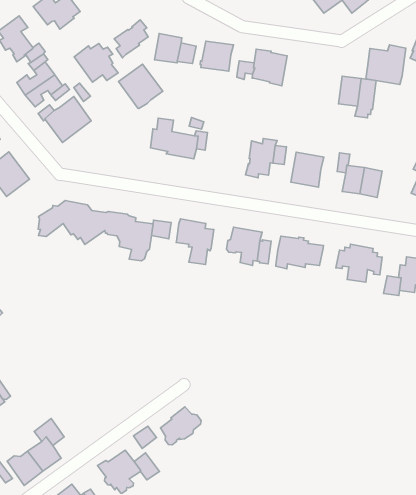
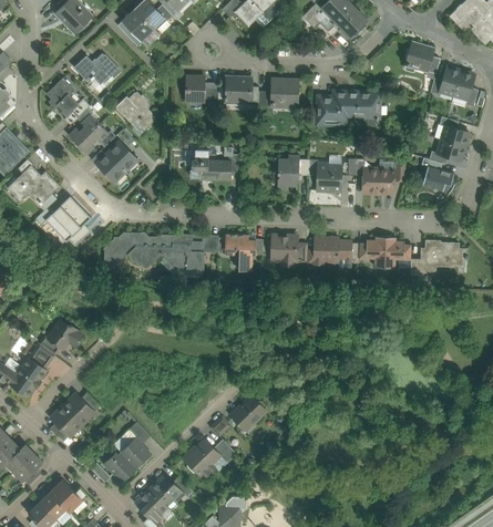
building: [114,20,148,58] -> none
building: [366,45,406,85] -> [318,91,349,124]
building: [119,64,163,108] -> none

